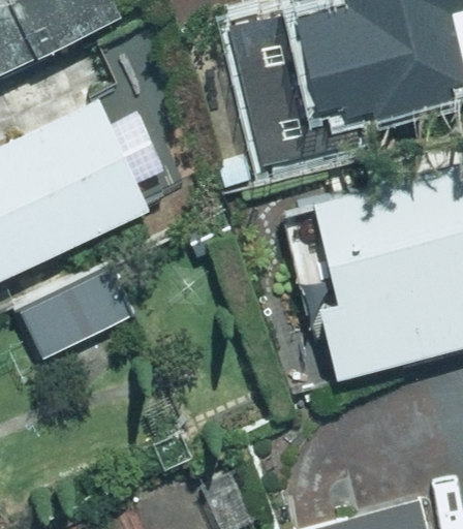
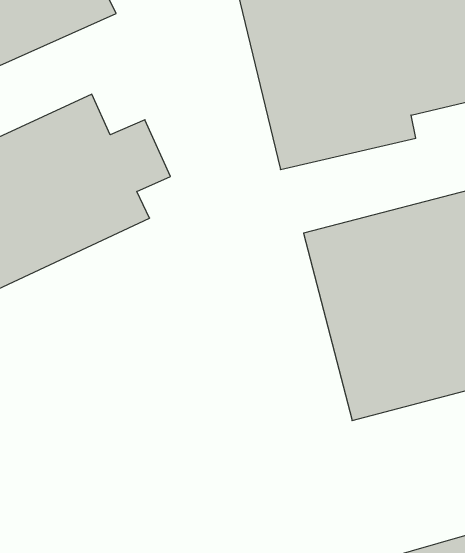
building: [18,264,137,361] -> none

